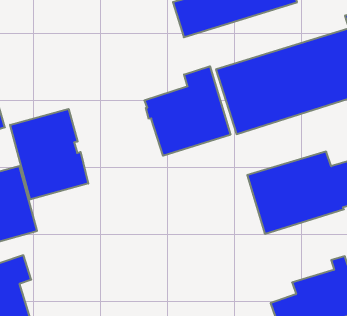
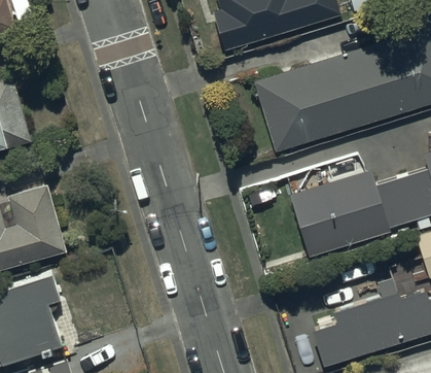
building: [144,66,230,156] -> none
building: [10,109,88,199] -> none

